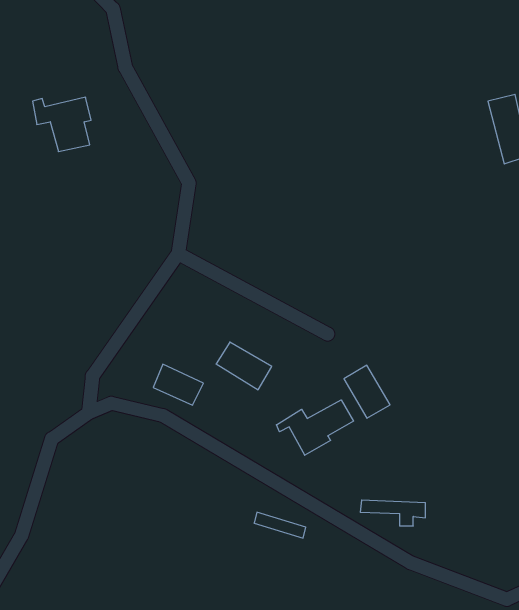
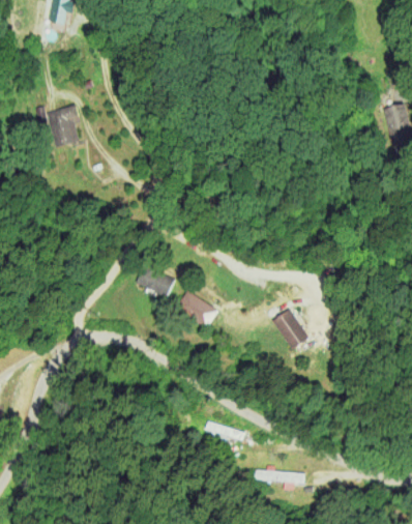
building: [153,364,203,405] -> [136,265,174,296]
building: [276,400,354,455] -> none
building: [360,500,425,526] -> [254,470,303,490]

